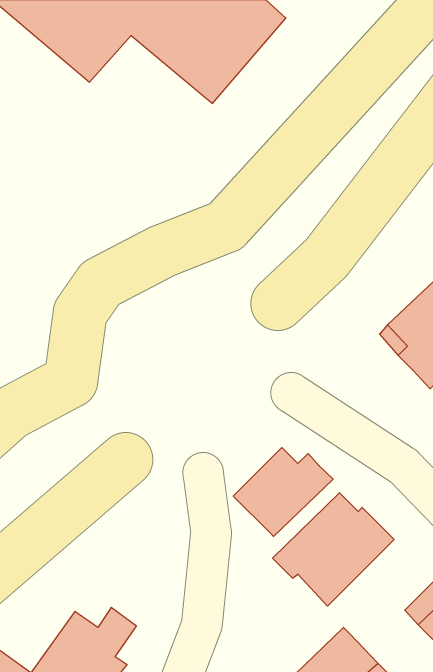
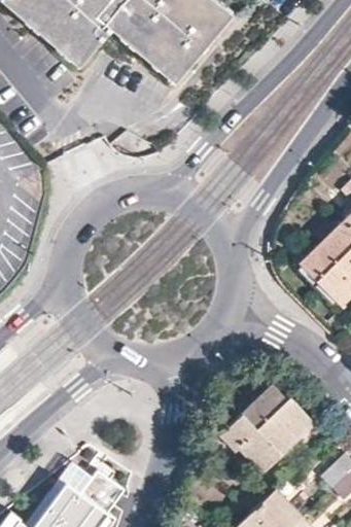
building: [233,448,333,536] -> none

